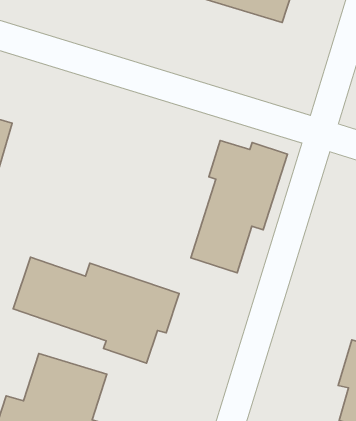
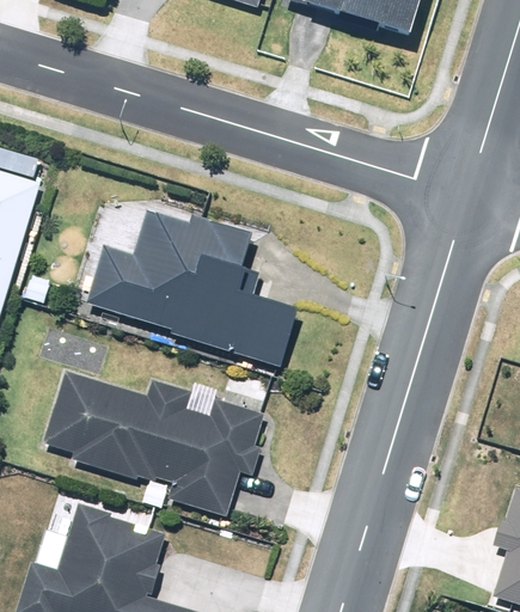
building: [191,140,288,273] -> none
building: none -> [88,209,301,365]

